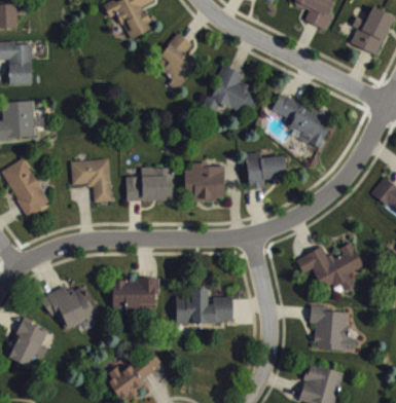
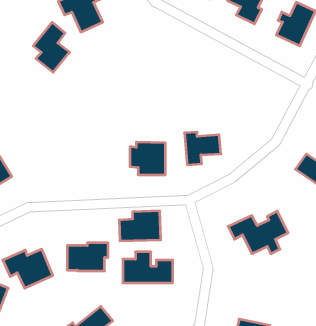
building: [156,32,197,88] -> [33,22,70,72]
building: [210,65,261,112] -> none
building: [273,94,333,147] -> none
building: [71,158,112,202] -> none
building: [125,167,173,200] -> [119,211,161,241]
building: [310,304,356,352] -> none

